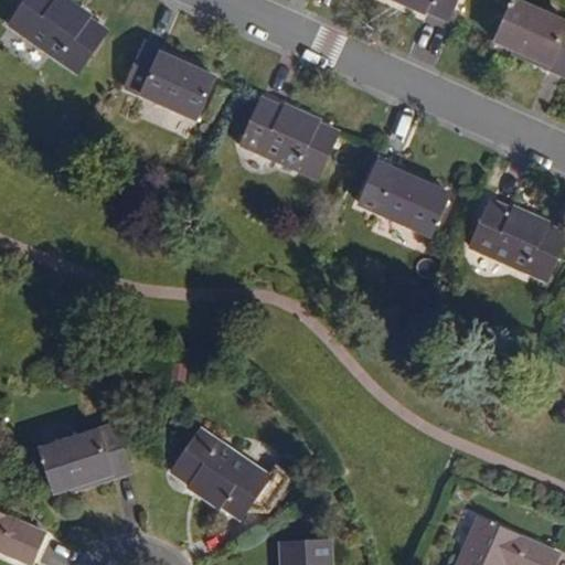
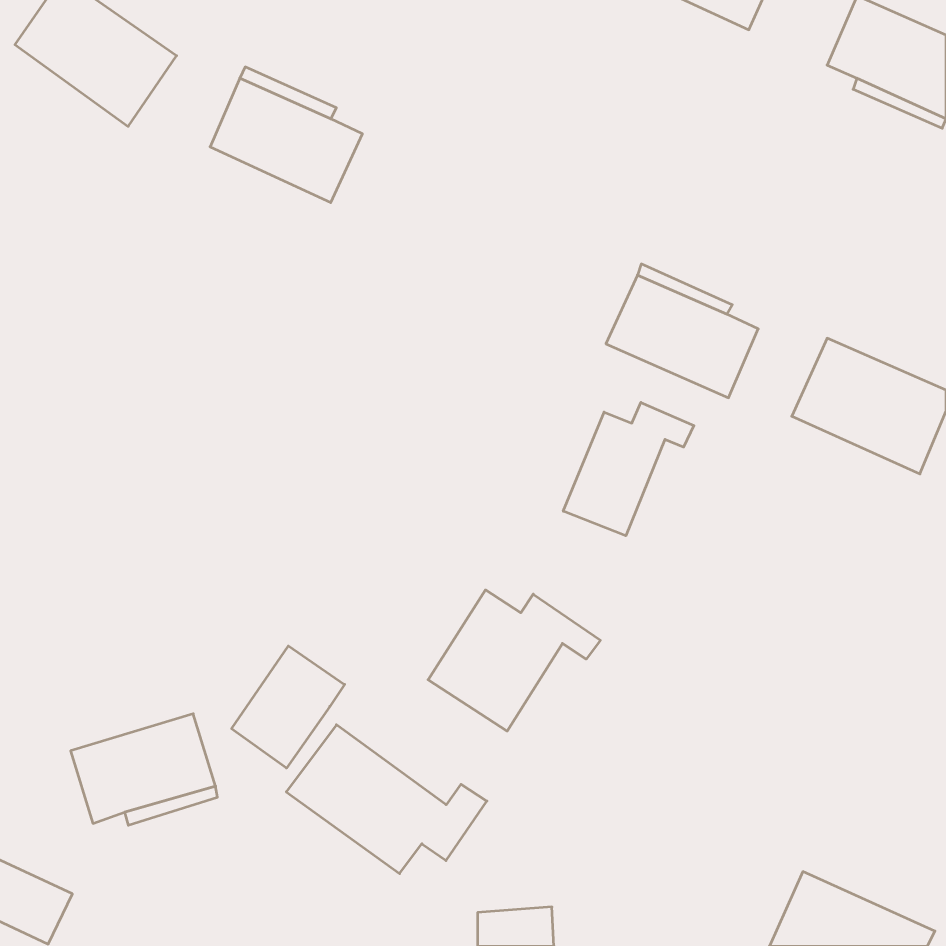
building: [241,99,338,180] -> none
building: none -> [563,402,694,536]
building: none -> [428,590,600,731]
building: none -> [232,646,345,768]

